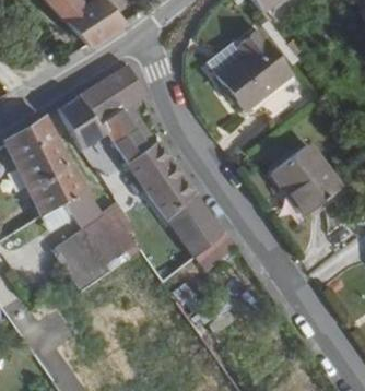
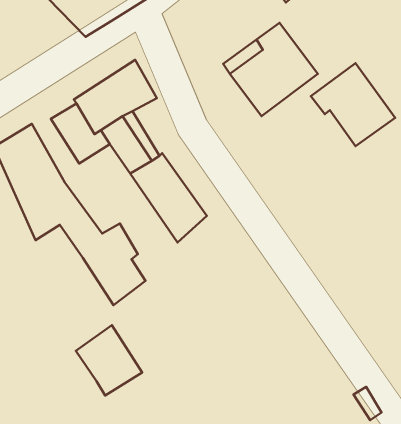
building: [267,147,339,218] -> [311,63,395,146]
building: [168,198,221,259] -> none
building: [57,234,114,294] -> [76,325,142,395]

